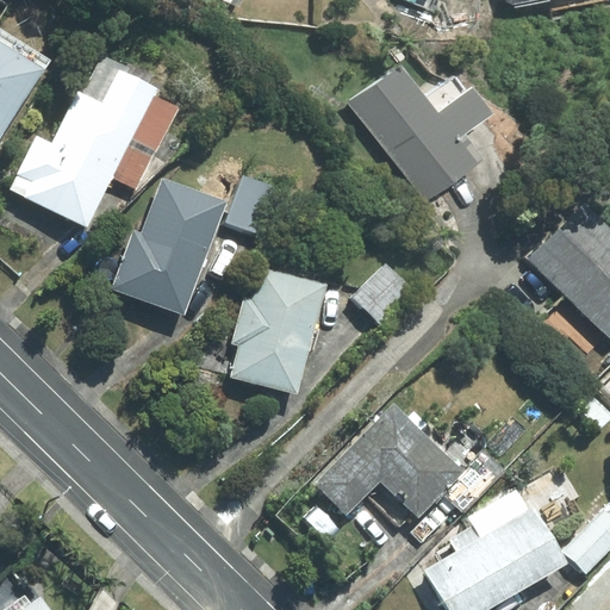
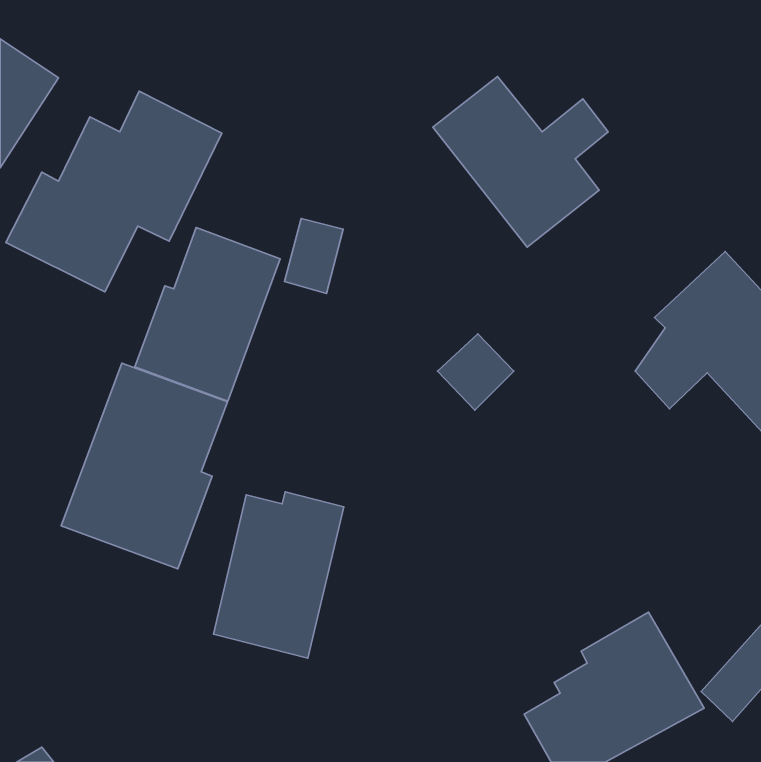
building: [224,264,328,397] -> [213,492,344,658]
building: none -> [61,363,227,569]
building: [311,403,503,521] -> none

